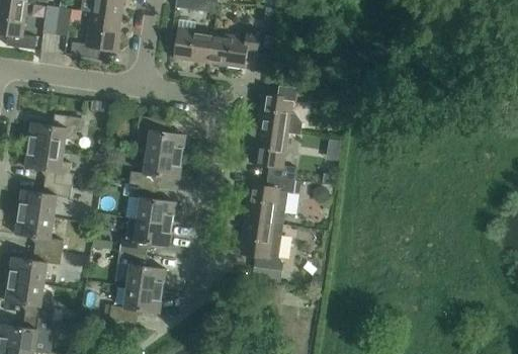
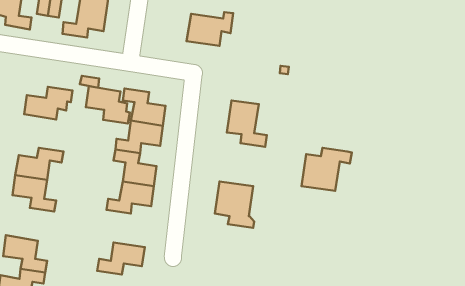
building: [172,28,212,64] -> none
building: [257,86,308,136] -> none
building: [24,145,73,186] -> [86,86,130,123]
building: [244,177,299,225] -> [302,148,352,191]
building: [7,249,61,285] -> none
building: [116,251,165,292] -> none

